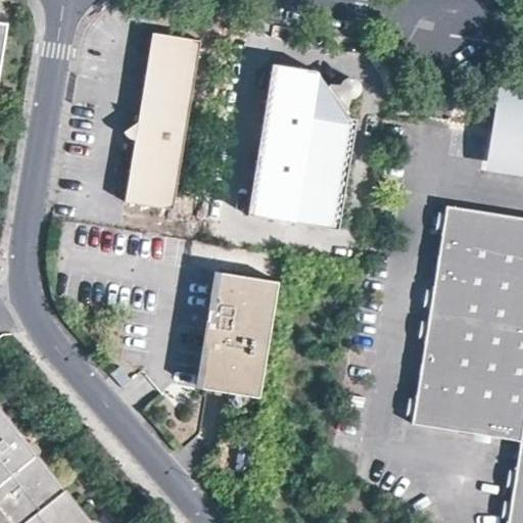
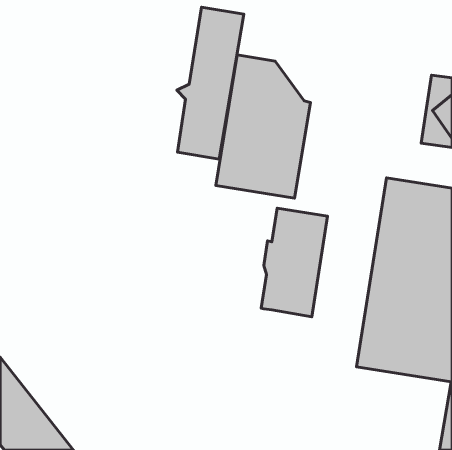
building: [125,33,202,208] -> [177,7,244,159]
building: [204,272,281,397] -> [261,208,328,317]

